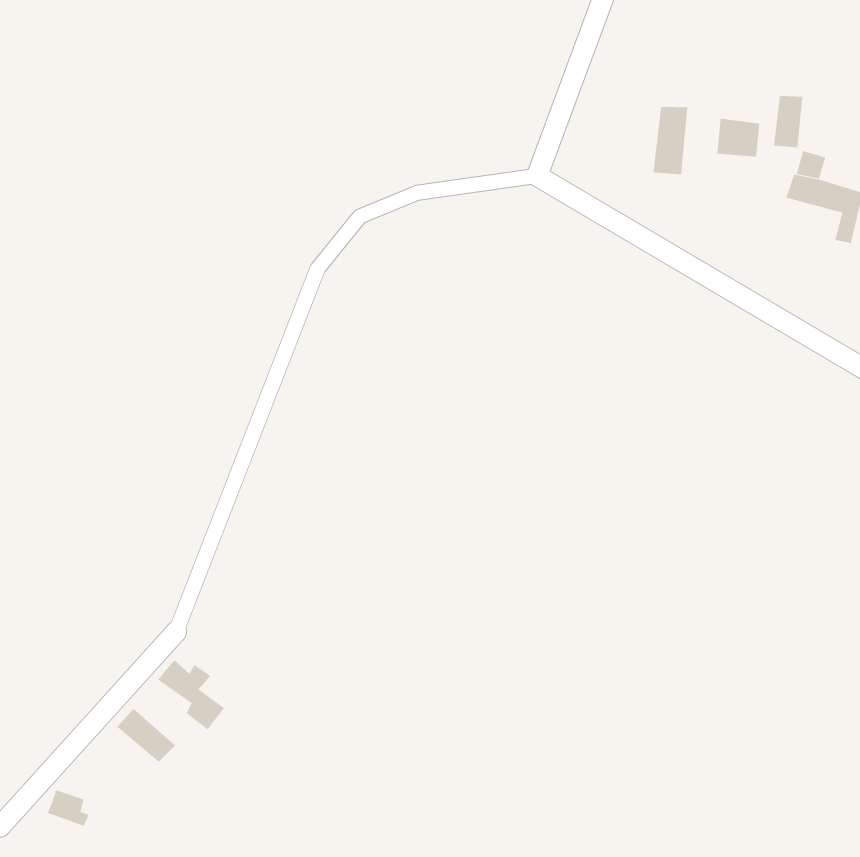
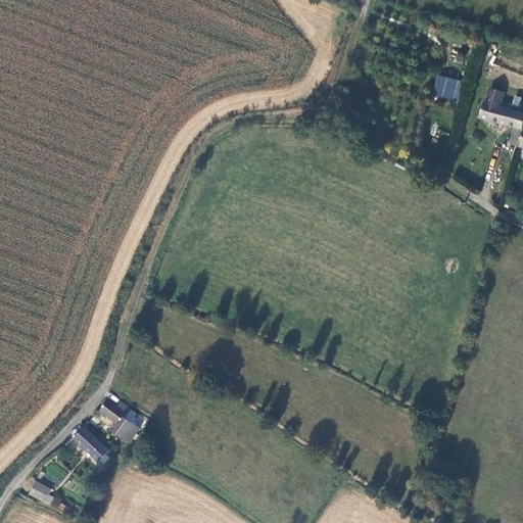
building: [773,95,803,148] -> none
building: [653,106,688,175] -> none

